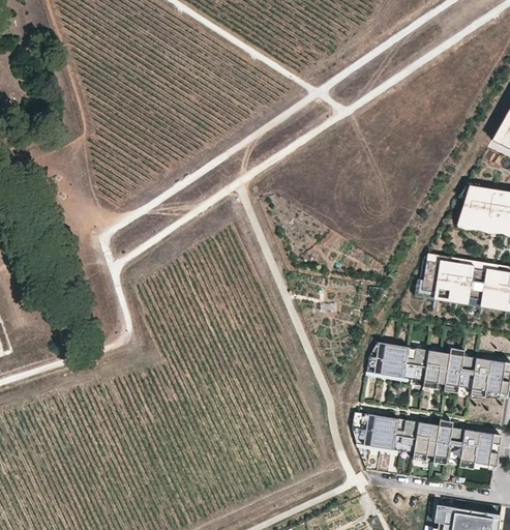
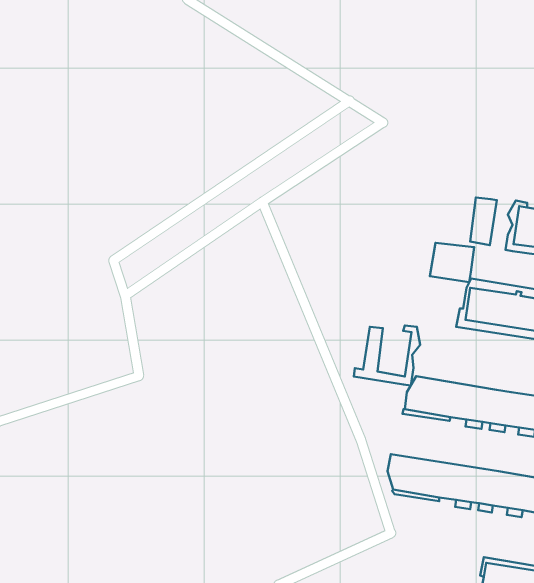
building: none -> [470,197,497,245]
building: none -> [430,243,474,282]
building: none -> [354,326,420,385]

